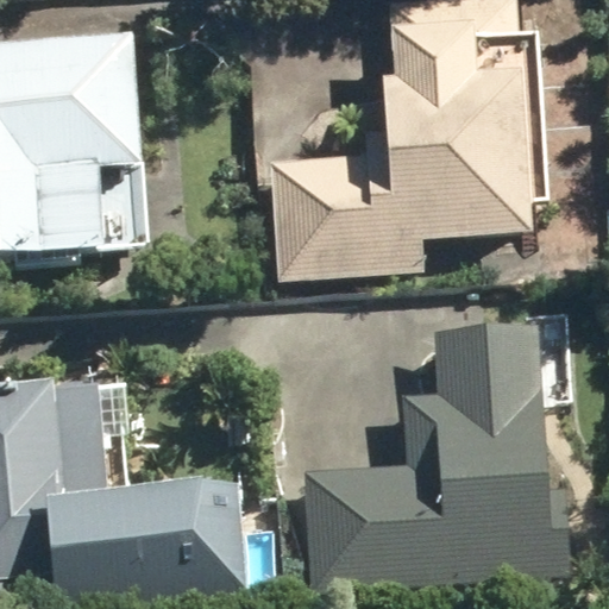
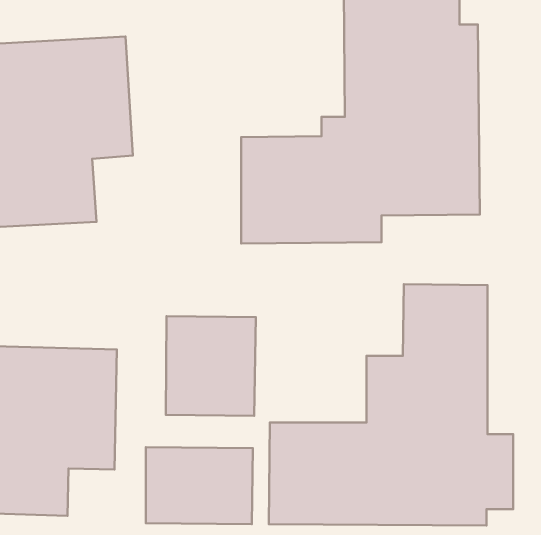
building: none -> [166,316,256,416]

